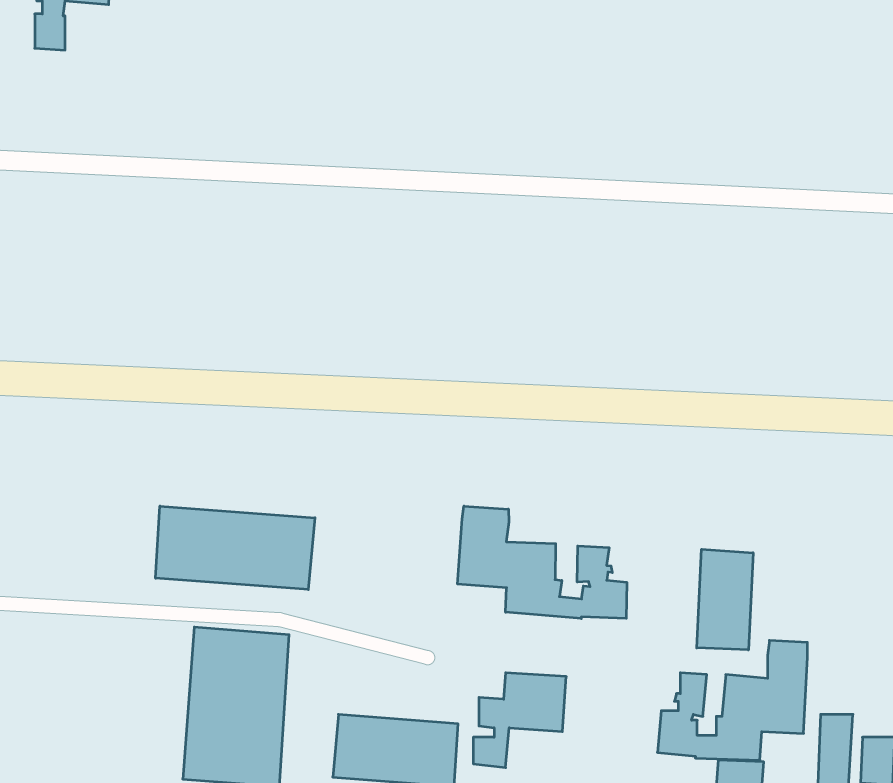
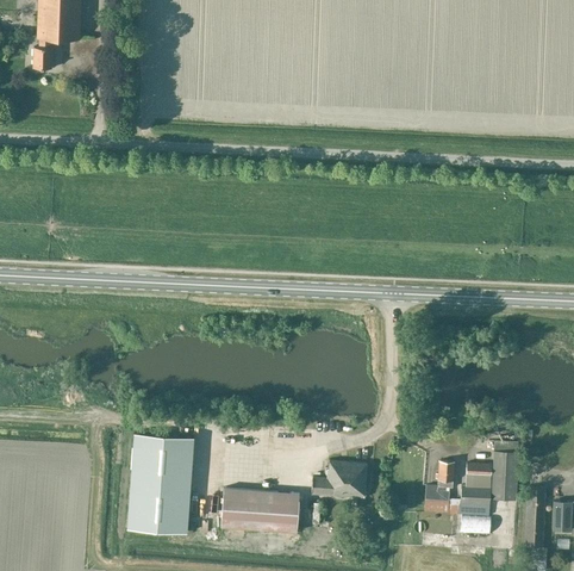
building: [458,506,627,619] -> none
building: [156,506,315,590] -> none
building: [697,549,753,650] -> none

